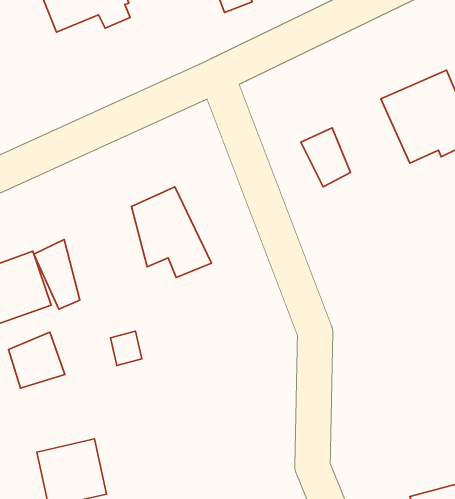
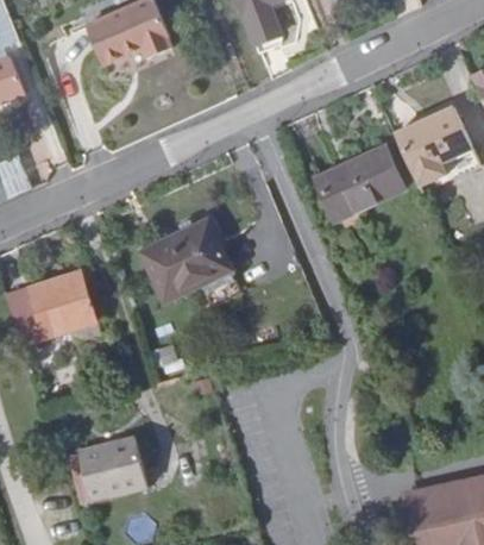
building: none -> [351,142,403,199]
building: [34,240,80,309] -> [142,230,183,293]
building: [8,332,65,388] -> none

